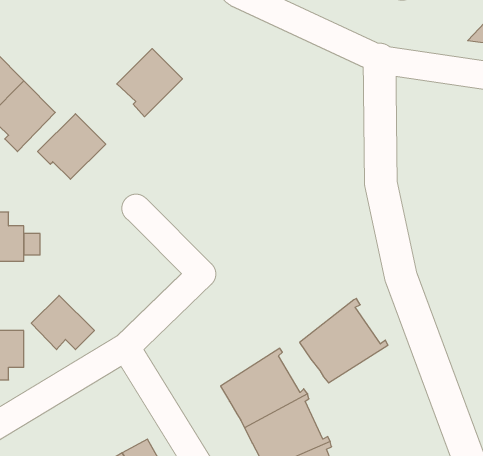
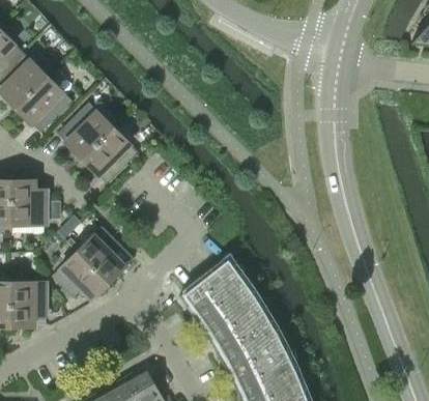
building: [117,49,182,117] -> [85,128,139,184]
building: none -> [76,227,123,282]
building: [300,298,388,383] -> [184,258,257,327]

